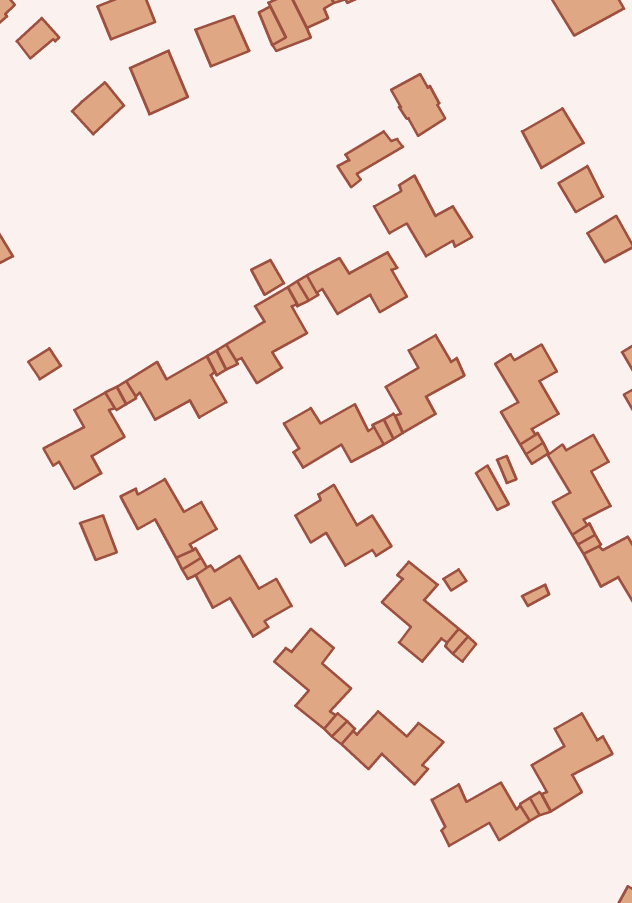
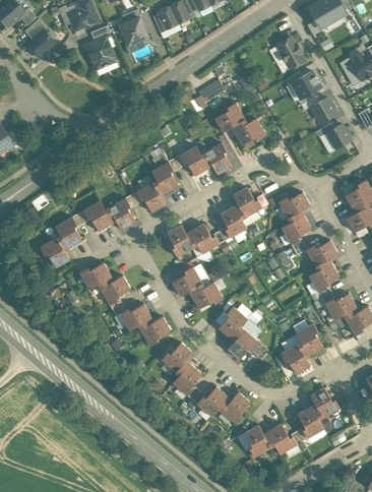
building: [391,74,445,136] -> [275,38,304,70]
building: [72,82,124,134] -> [26,30,54,58]
building: none -> [280,323,322,374]

